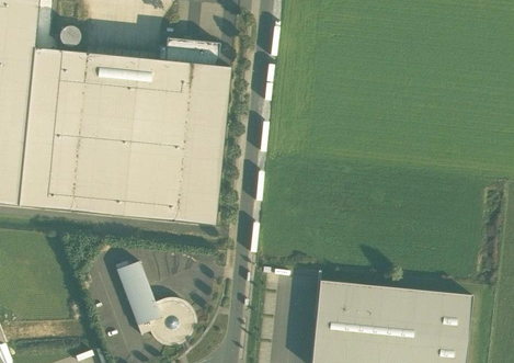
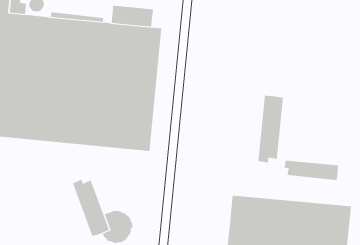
building: none -> [258,95,284,164]
building: none -> [284,160,339,181]

